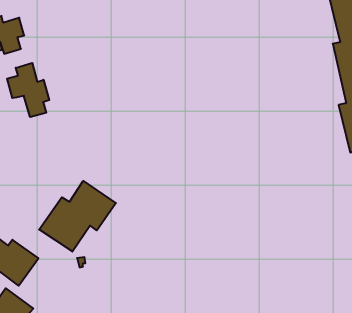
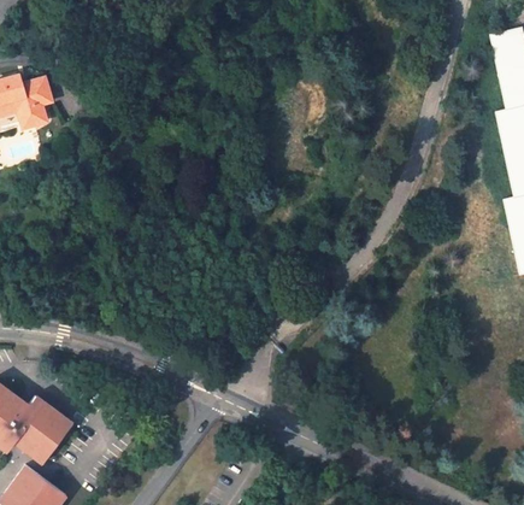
building: [7,63,49,117] -> none
building: [39,181,116,252] -> none

